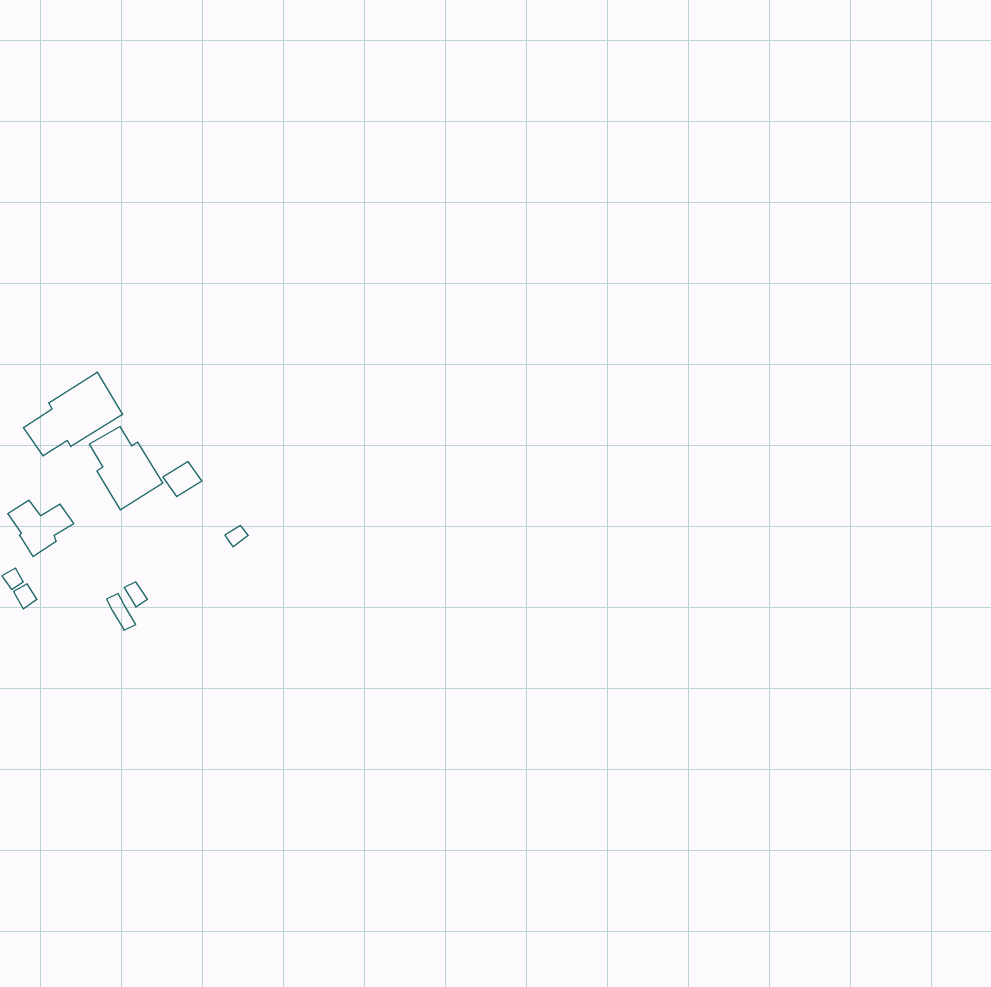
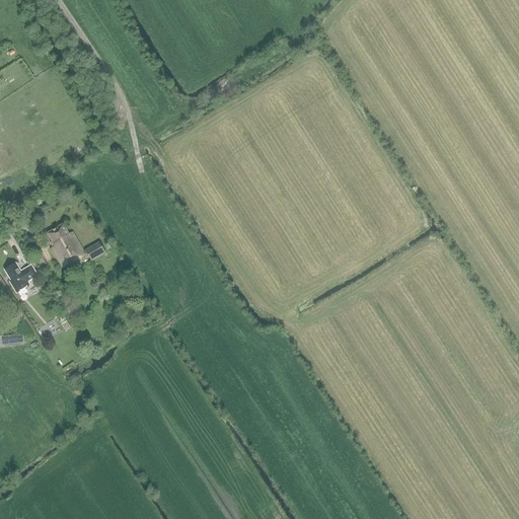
building: [23,372,123,456] -> none

